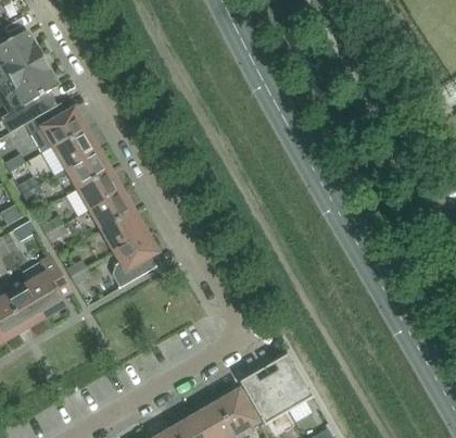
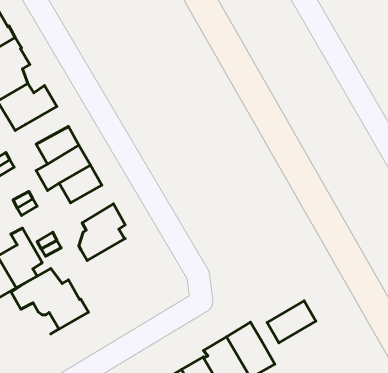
building: [42,129,98,175] -> none
building: [100,211,144,250] -> none
building: none -> [11,268,88,334]
building: none -> [267,301,316,343]

